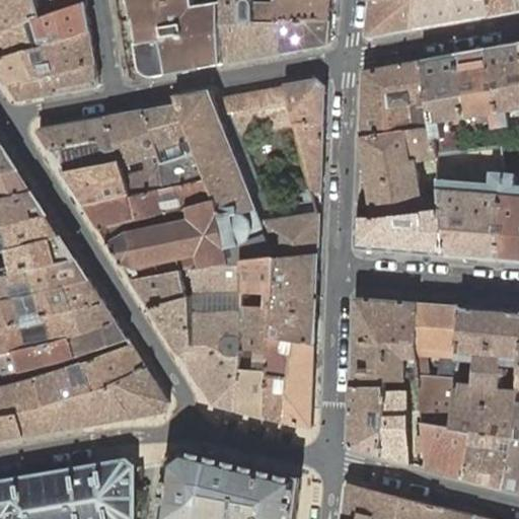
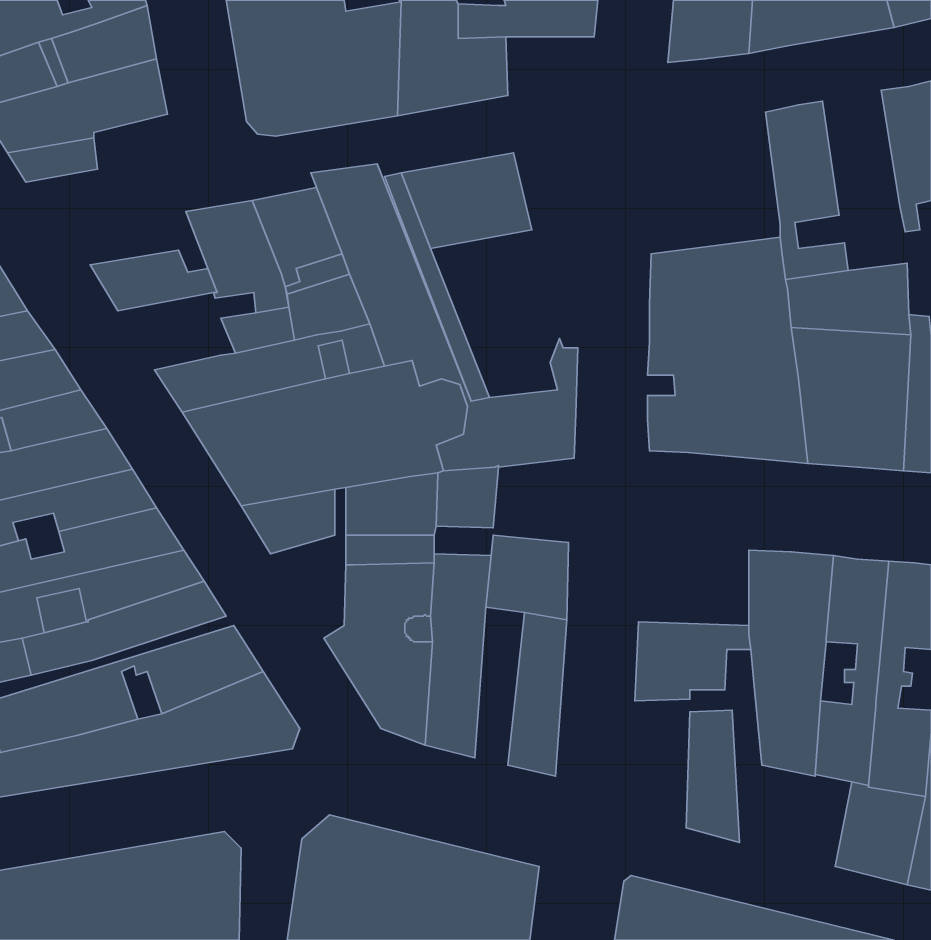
building: [279,20,327,53] -> none
building: [453,50,499,130] -> none
building: [359,62,430,140] -> none
building: [52,63,93,93] -> none
building: [283,79,322,192] -> none
building: [40,117,115,150] -> none
building: [65,161,130,204] -> none
building: [272,251,323,301] -> none
building: [149,294,191,352] -> none
building: [352,298,413,345] -> none
building: [262,335,289,422] -> none
building: [347,385,380,456] -> none
building: [418,422,469,477] -> none

